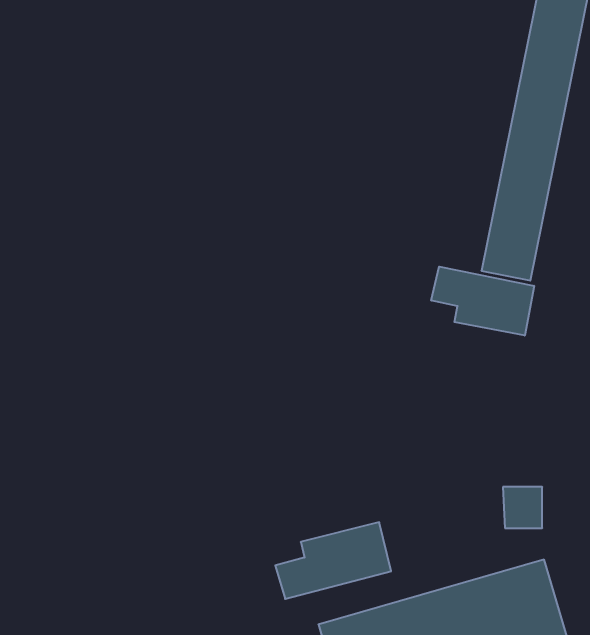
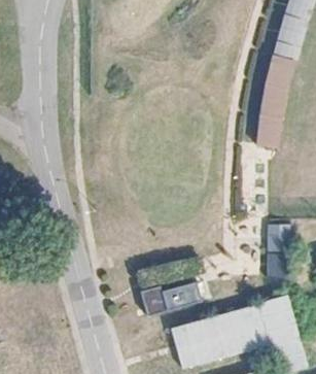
building: [431,267,534,336] -> none

